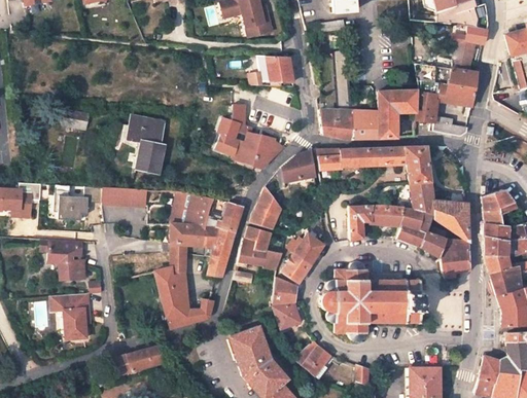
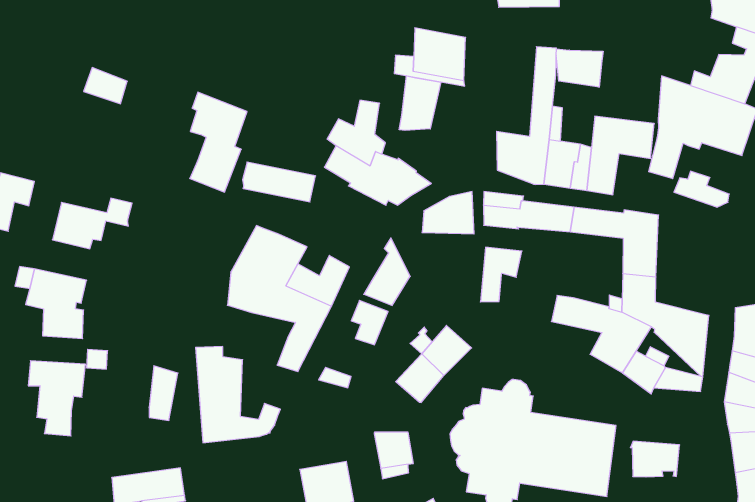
building: none -> [556,49,603,87]
building: none -> [399,76,441,130]
building: [102,188,146,207] -> [243,162,316,202]
building: [349,205,372,240] -> [480,247,522,302]
building: [240,239,281,267] -> none
building: [171,242,186,274] -> [149,366,178,420]
building: [438,250,469,274] -> [630,441,680,477]
building: [272,277,297,303] -> none

